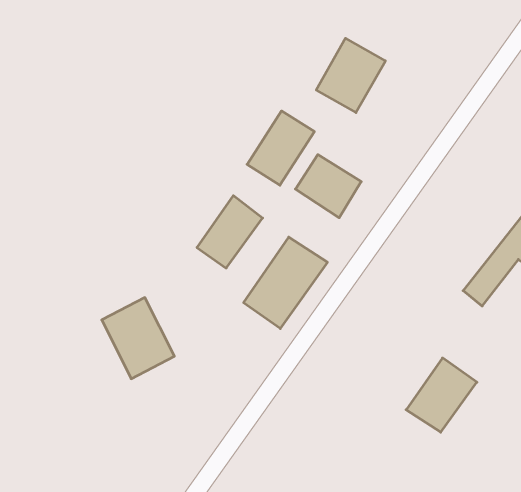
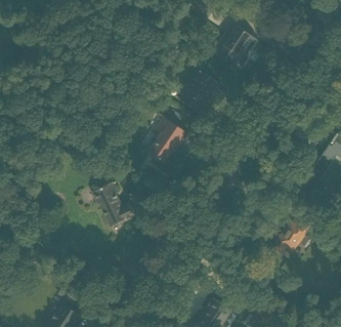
building: [295,155,361,218] -> none
building: [244,237,327,329] -> none

